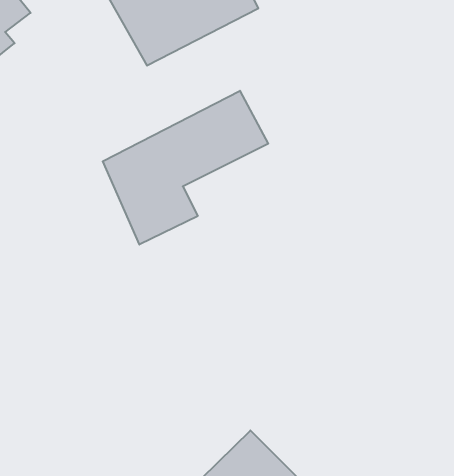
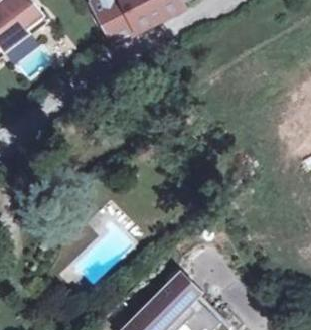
building: [103,91,268,245] -> none

